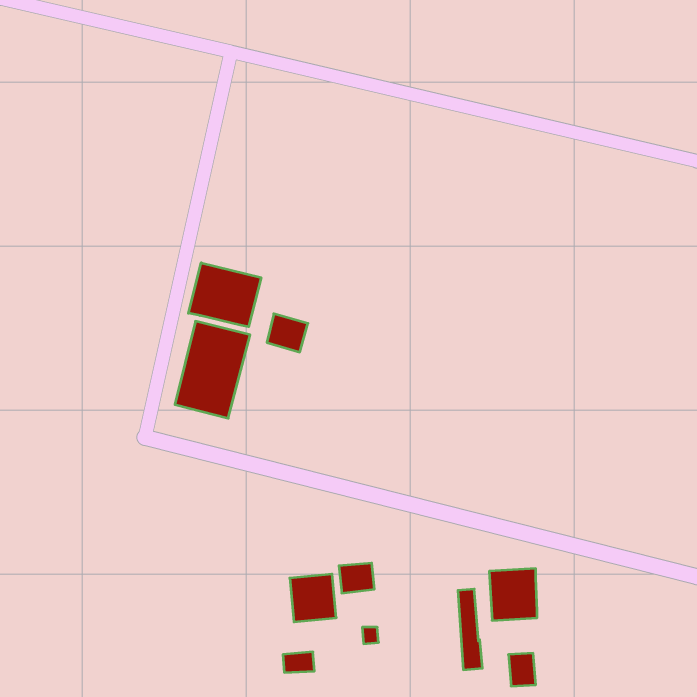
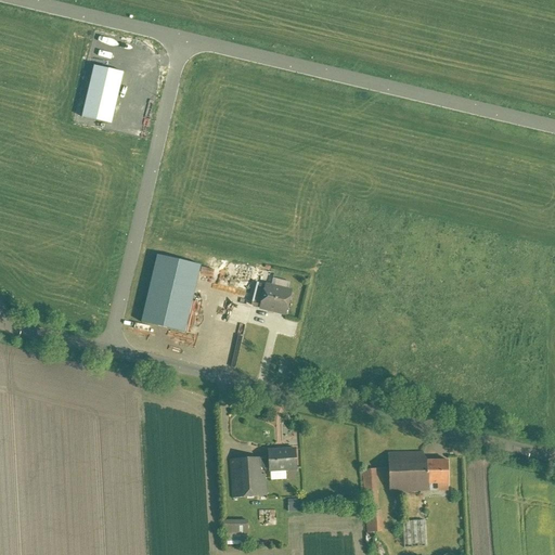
building: none -> [80,66,124,126]
building: [188,263,261,327] -> none
building: [267,314,308,352] -> [260,282,293,312]
building: none -> [425,457,449,485]

